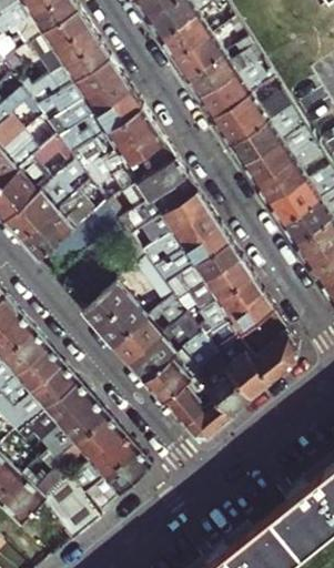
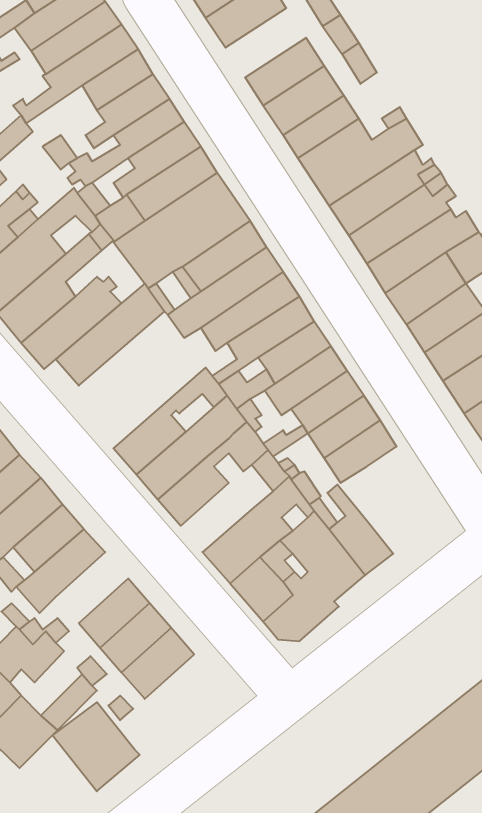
building: [159,16,213,62] -> none
building: [254,311,298,383] -> none
building: [129,335,176,382] -> none
building: [44,382,93,429] -> none
building: [92,450,152,513] -> none

